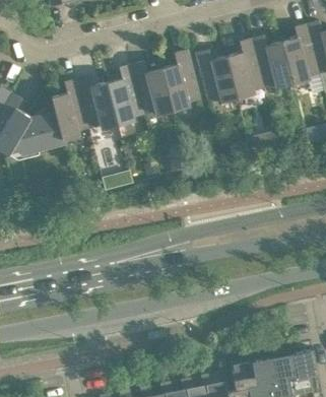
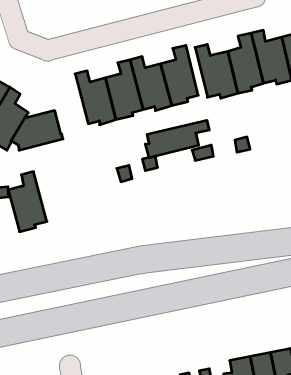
building: [51,78,89,138] -> [8,172,47,232]
building: none -> [145,120,209,158]

